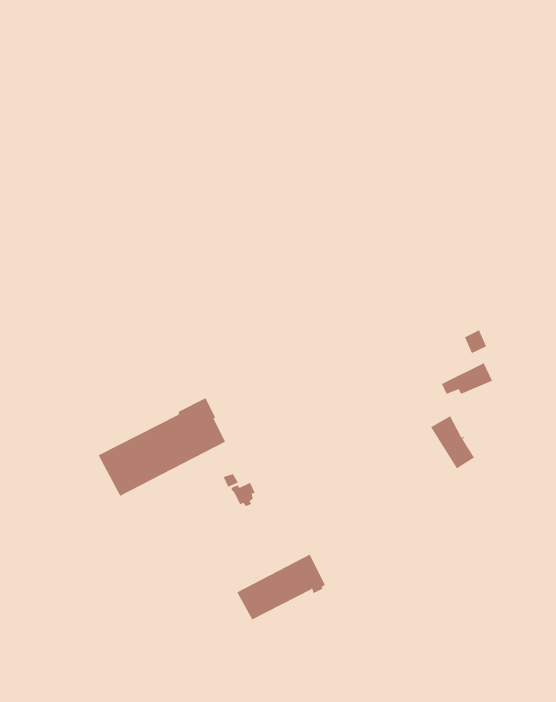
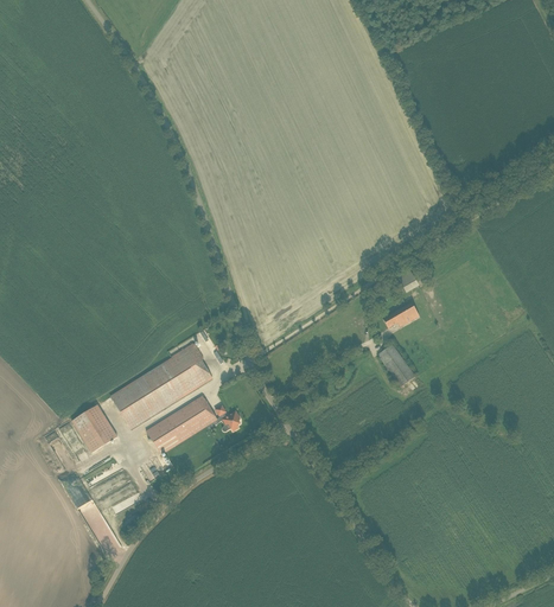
building: none -> [72,404,117,452]
building: [236,554,325,620] -> [146,395,217,452]

